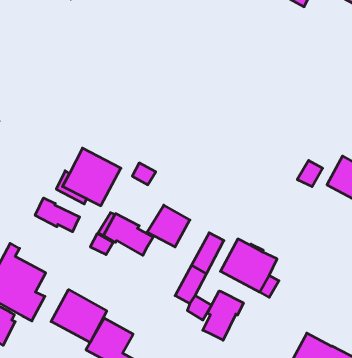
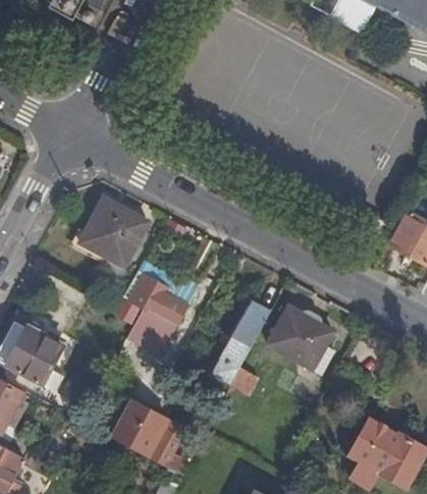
building: [35,198,80,232] -> none
building: [147,205,190,247] -> [126,308,176,356]
building: [51,290,107,343] -> none
building: [203,291,243,340] -> none

